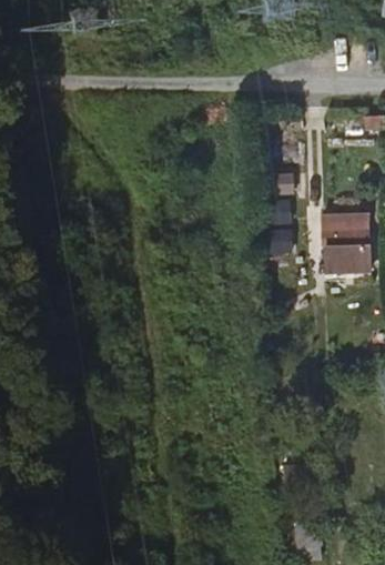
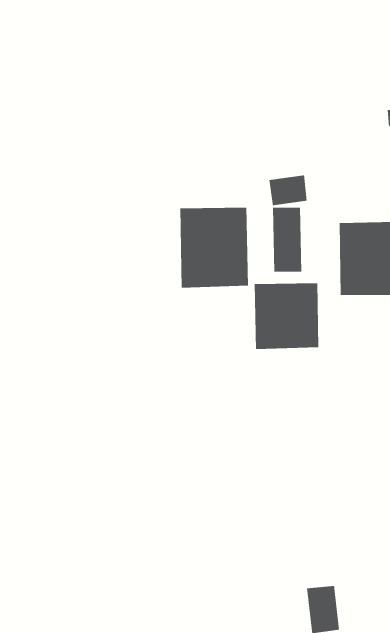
building: none -> [180,207,248,289]
building: none -> [254,282,319,350]

